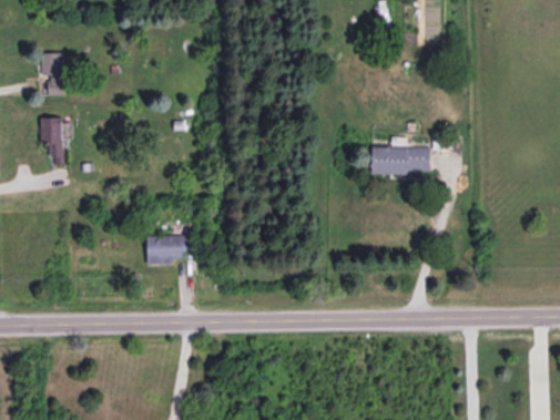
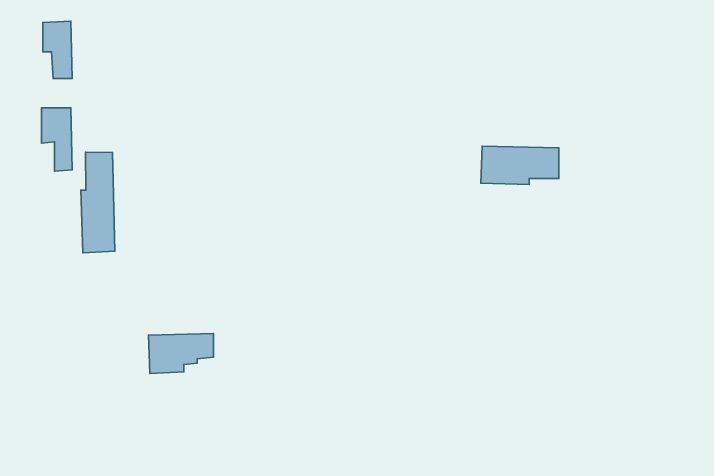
building: none -> [81,152,115,253]
building: [146,235,195,265] -> [149,334,213,373]

